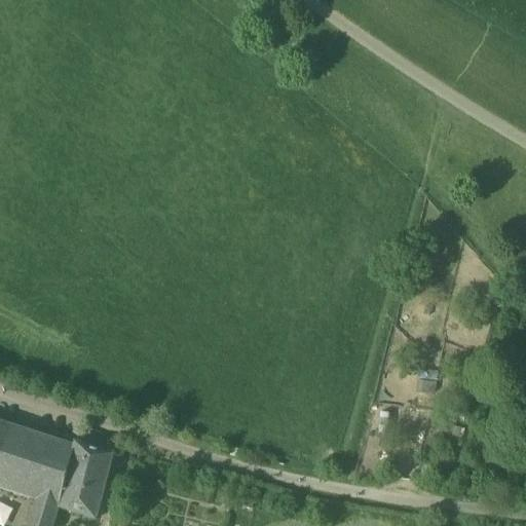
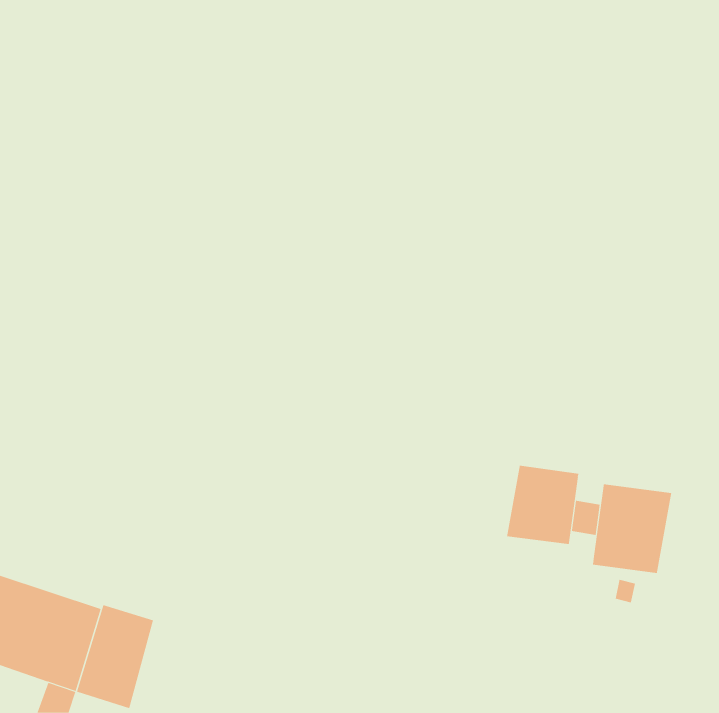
building: none -> [506,465,579,545]
building: none -> [592,484,672,574]

